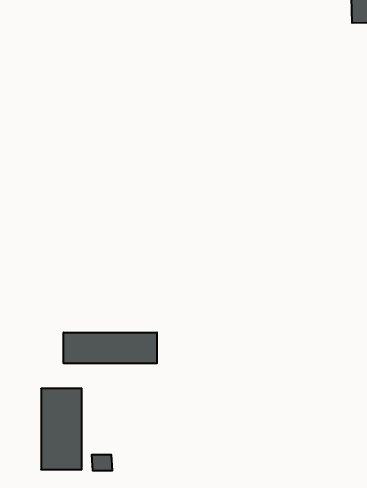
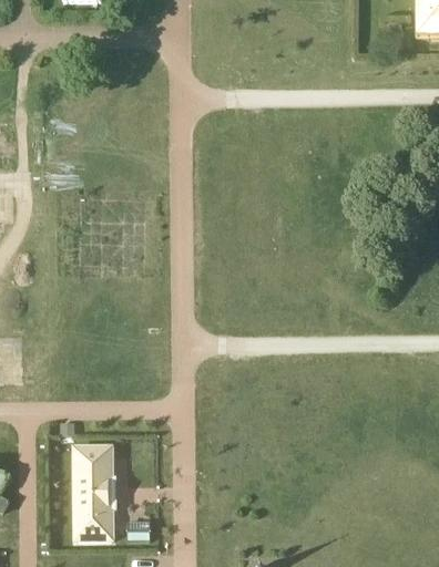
building: [64,332,157,363] -> none

